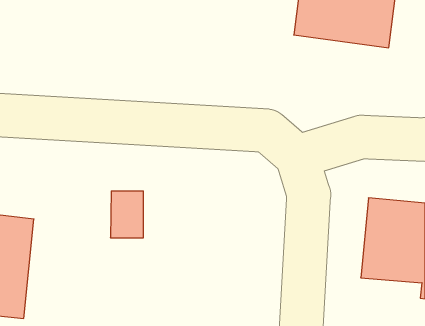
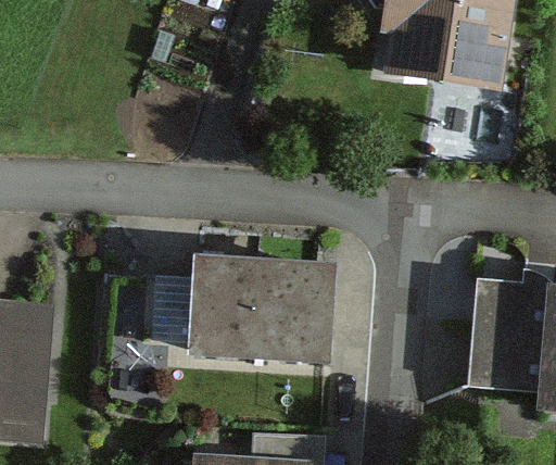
building: none -> [197,255,337,362]

